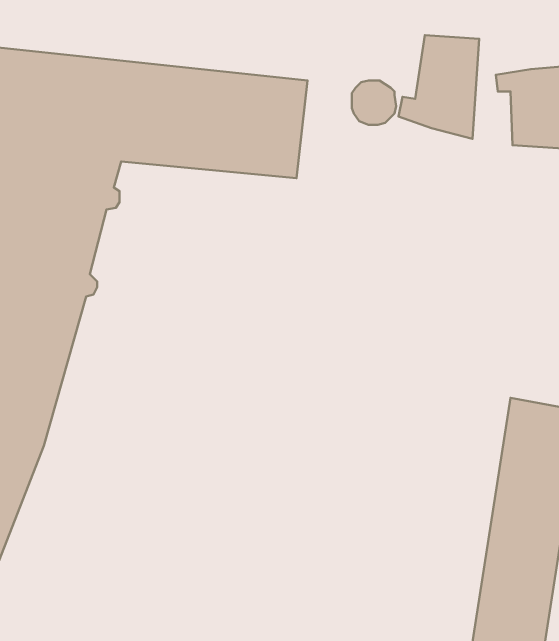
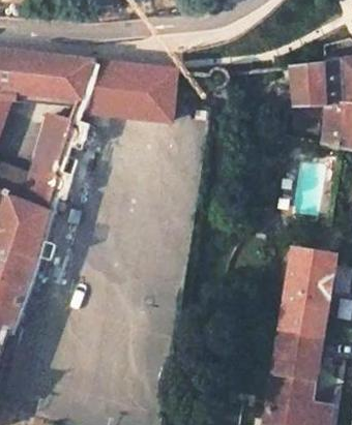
building: [398,35,479,139] -> none

